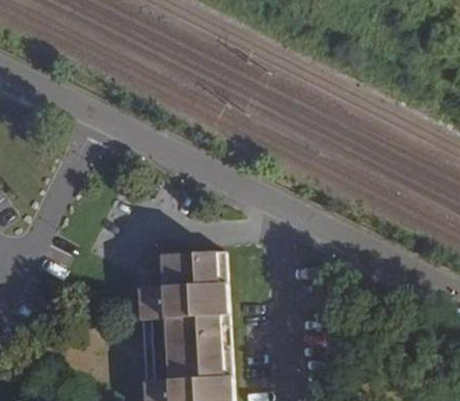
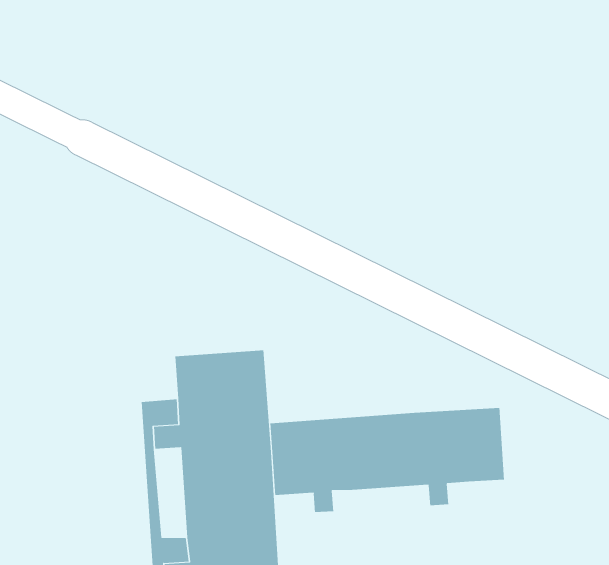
building: none -> [270,407,505,513]

